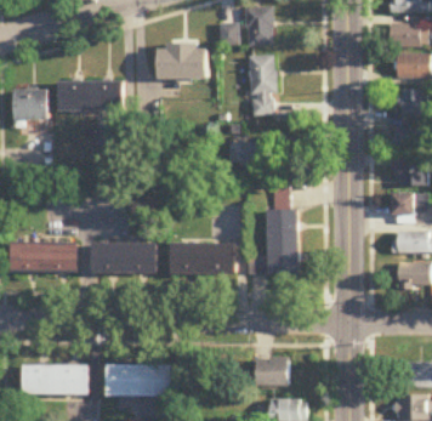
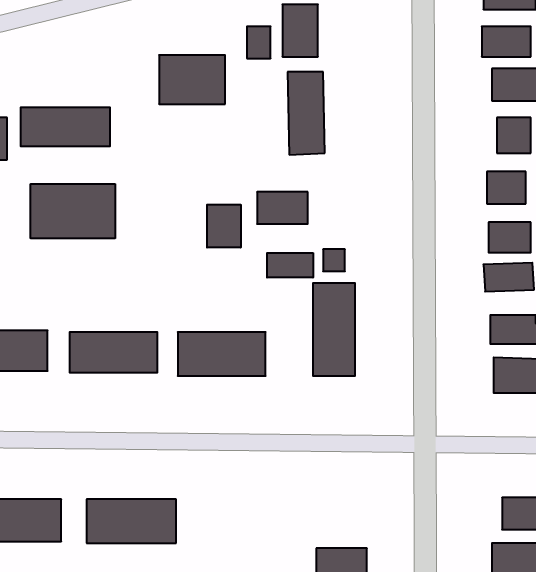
building: none -> [31,184,115,238]
building: none -> [207,205,241,248]
building: none -> [267,253,313,278]
building: [255,357,286,385] -> none

